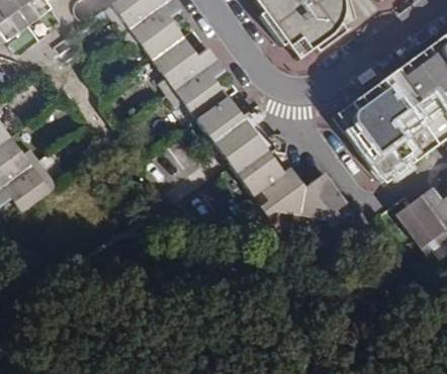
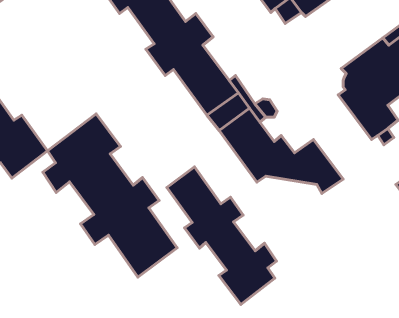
building: none -> [43,114,177,277]
building: none -> [167,167,277,305]

